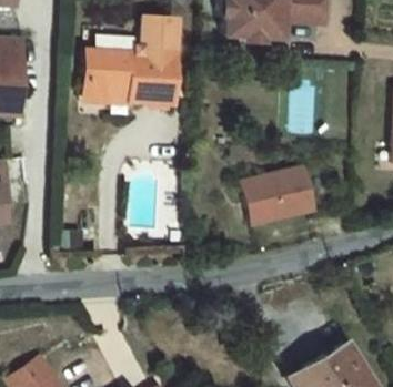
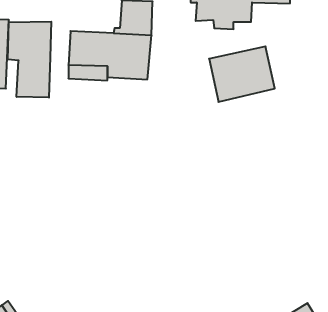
building: none -> [8,22,51,98]
building: [244,166,315,226] -> [209,46,275,102]

